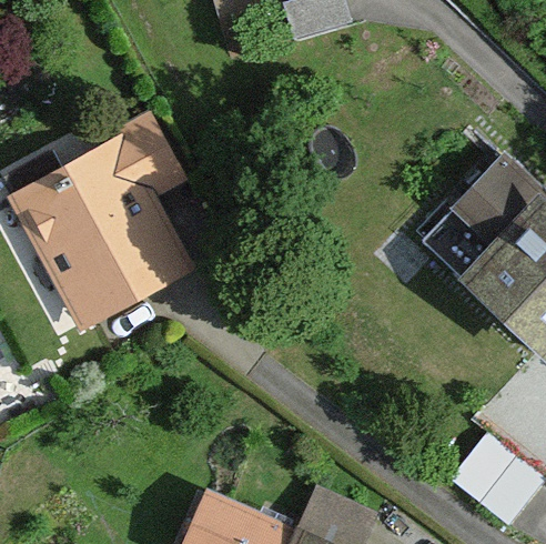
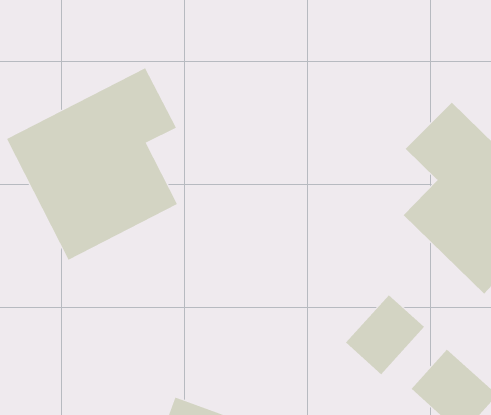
building: none -> [345,294,425,375]

